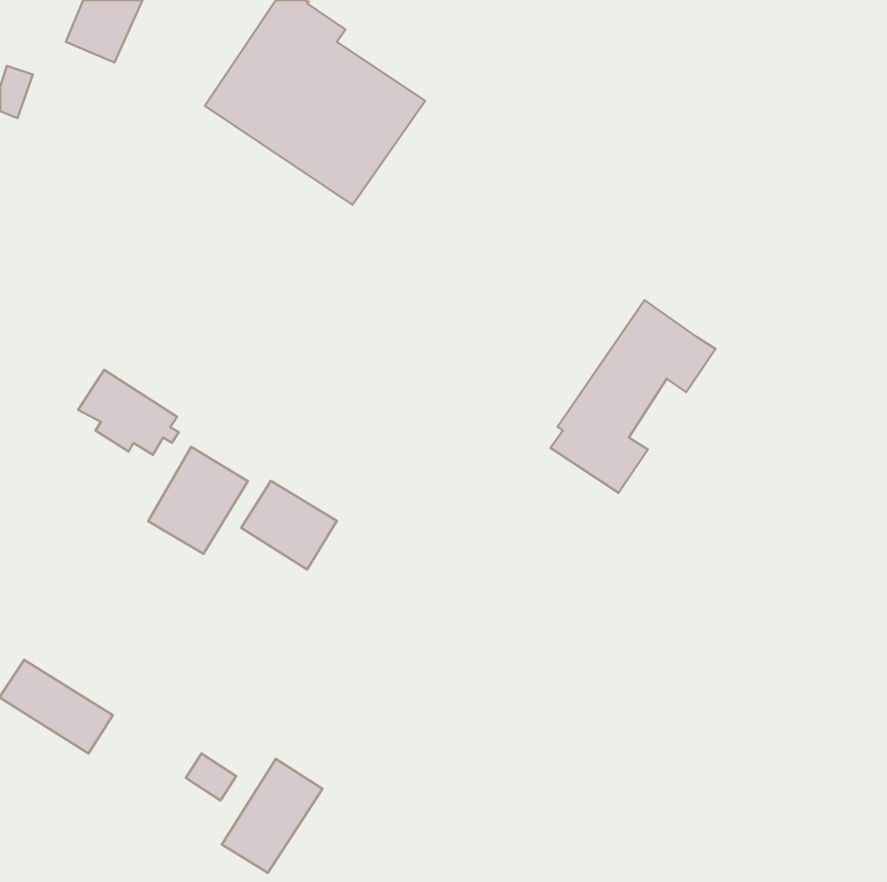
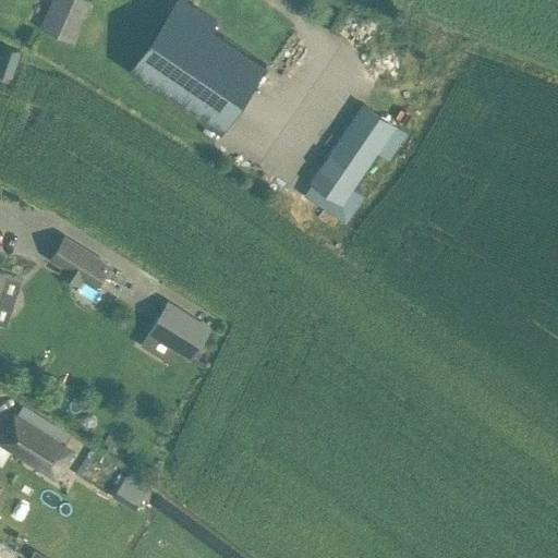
building: [551,300,716,493] -> [304,104,408,225]
building: [148,447,248,554] -> none
building: [222,759,322,873] -> none

